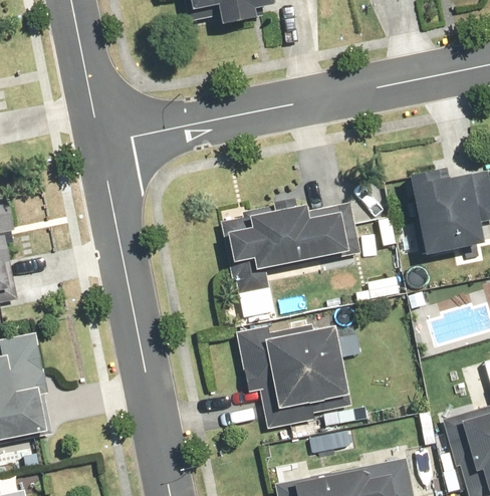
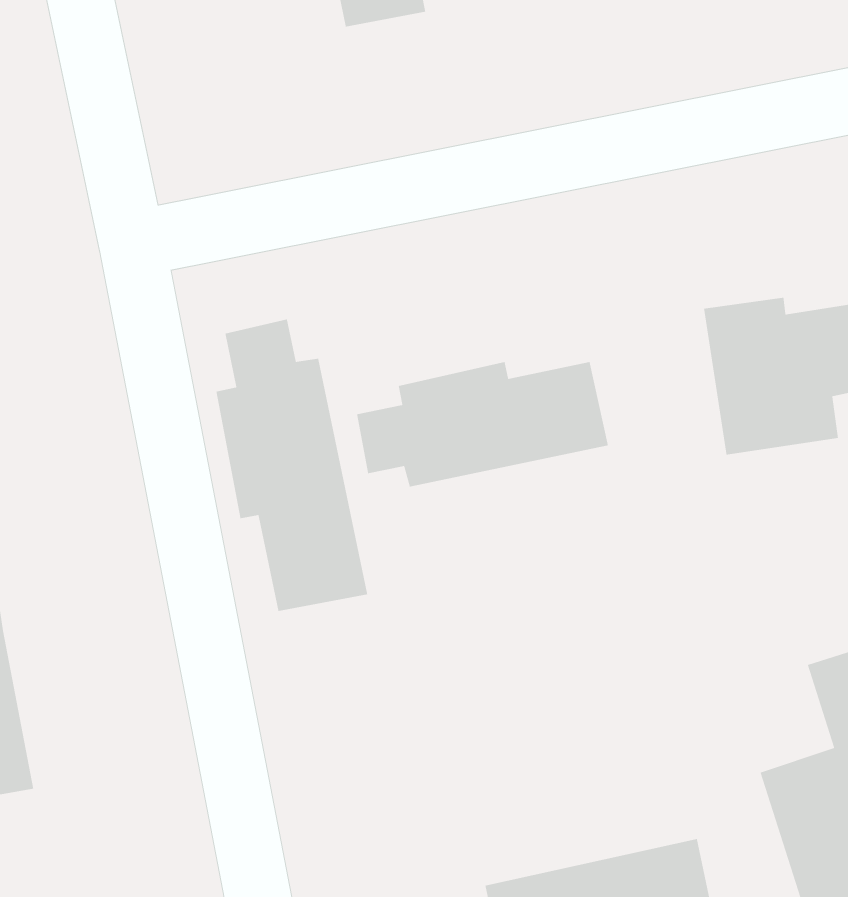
building: none -> [216,319,368,612]
building: [237,324,352,430] -> none

